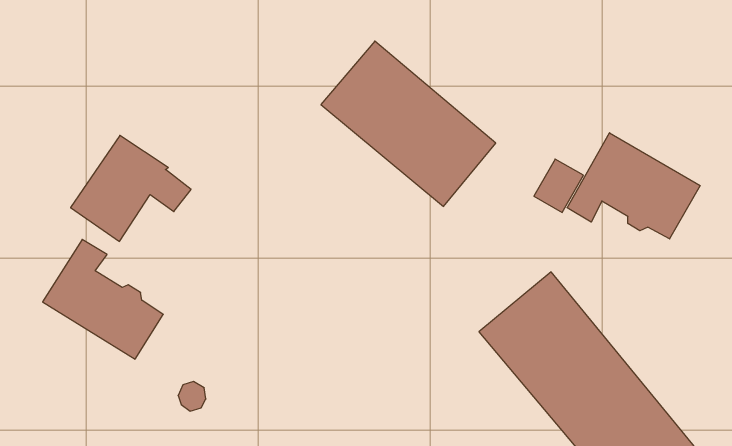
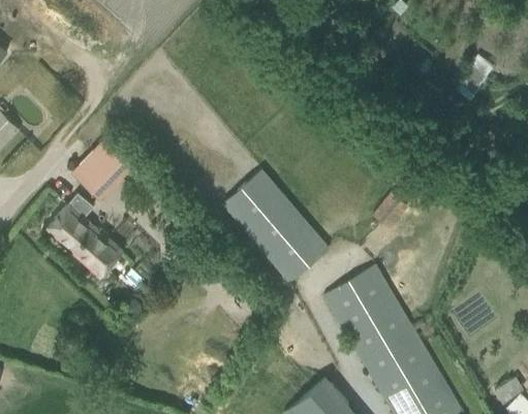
building: [321,41,496,206] -> [221,169,330,283]
building: [567,133,700,239] -> none

